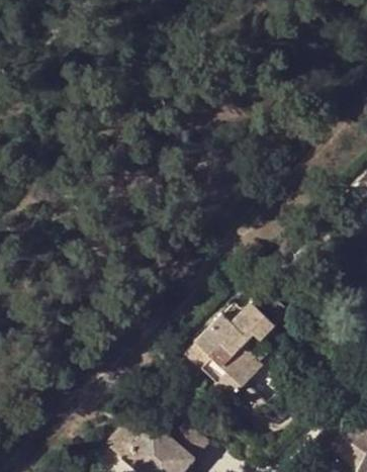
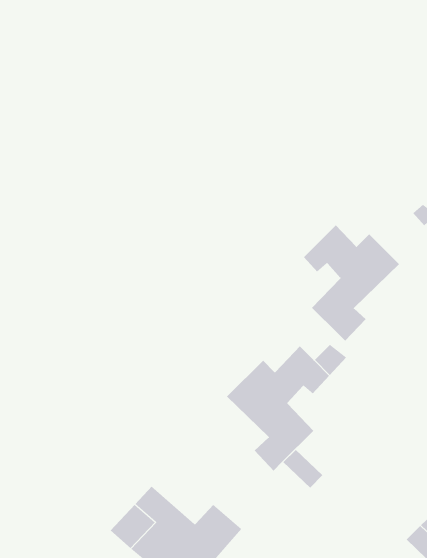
building: none -> [303,224,400,342]

